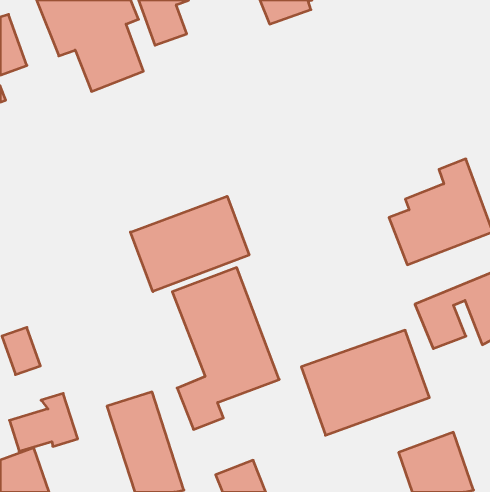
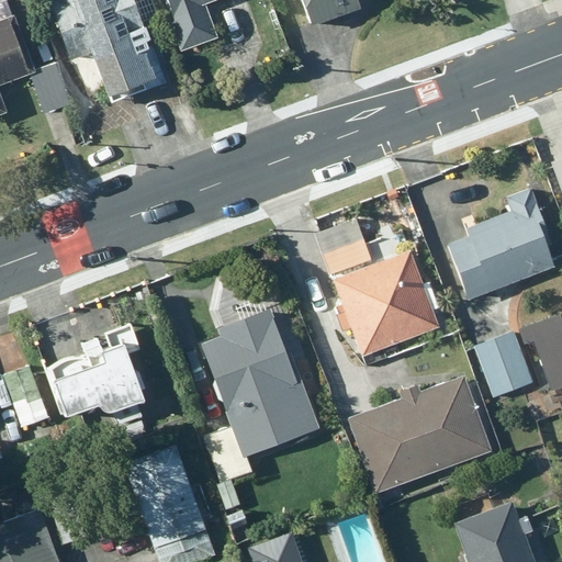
building: none -> [318,221,435,351]
building: [130,196,249,292] -> none
building: [9,393,78,451] -> [55,349,133,415]

